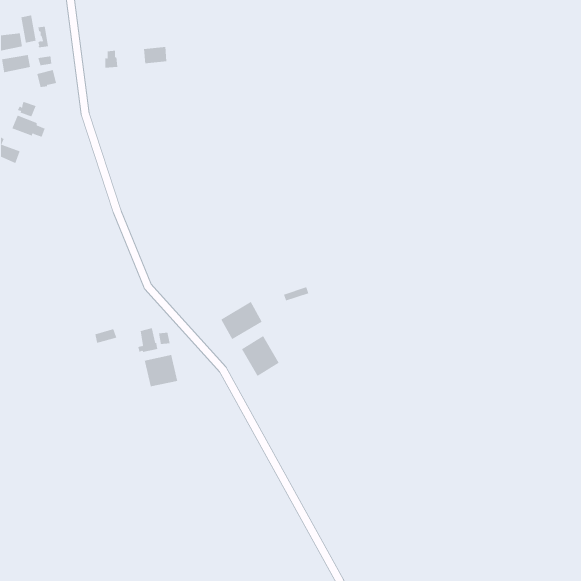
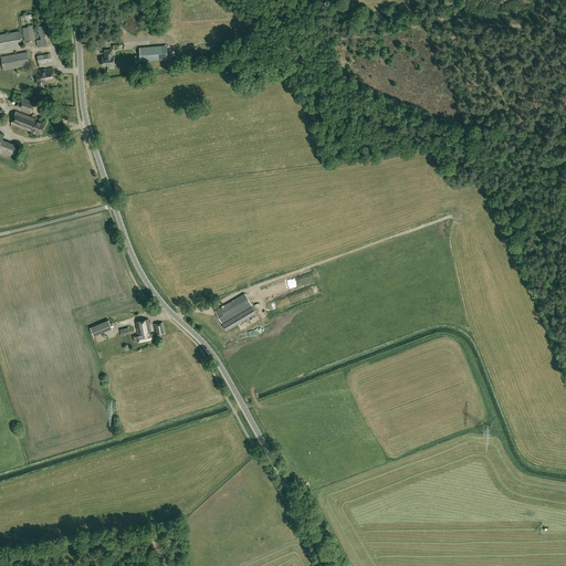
building: [241,335,280,377] -> none
building: [144,354,178,387] -> none

